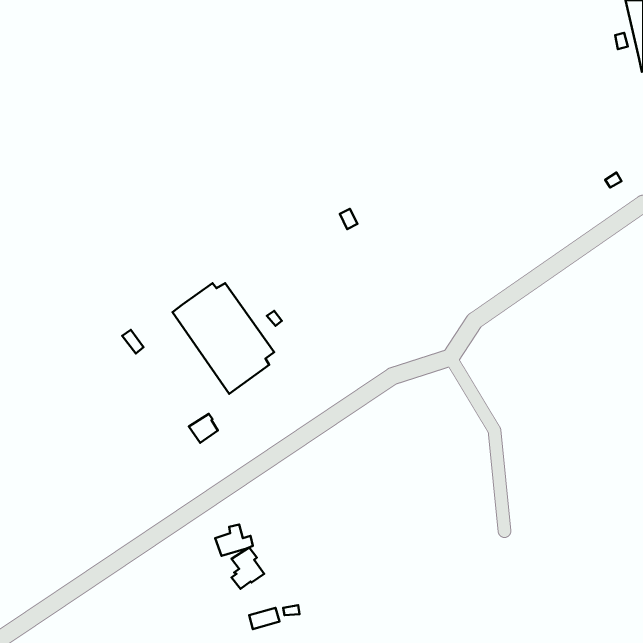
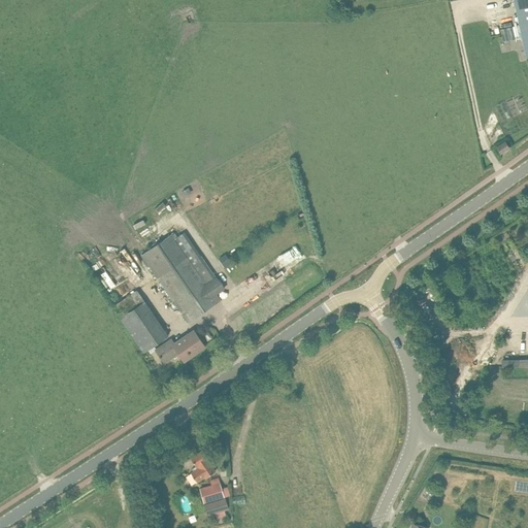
building: none -> [117,291,168,353]
building: none -> [173,331,204,361]
building: [215,524,253,556] -> [199,477,230,503]

